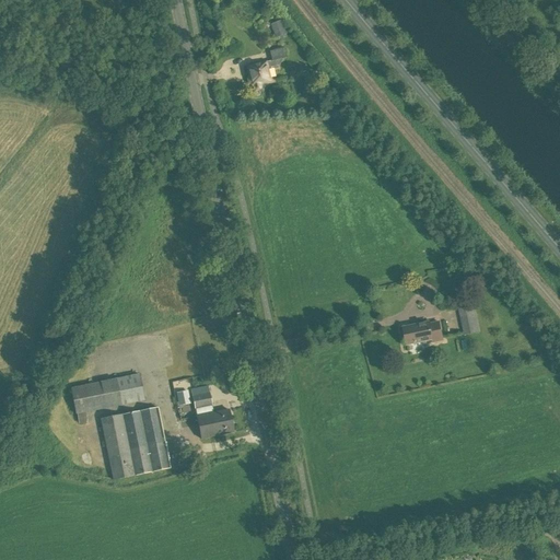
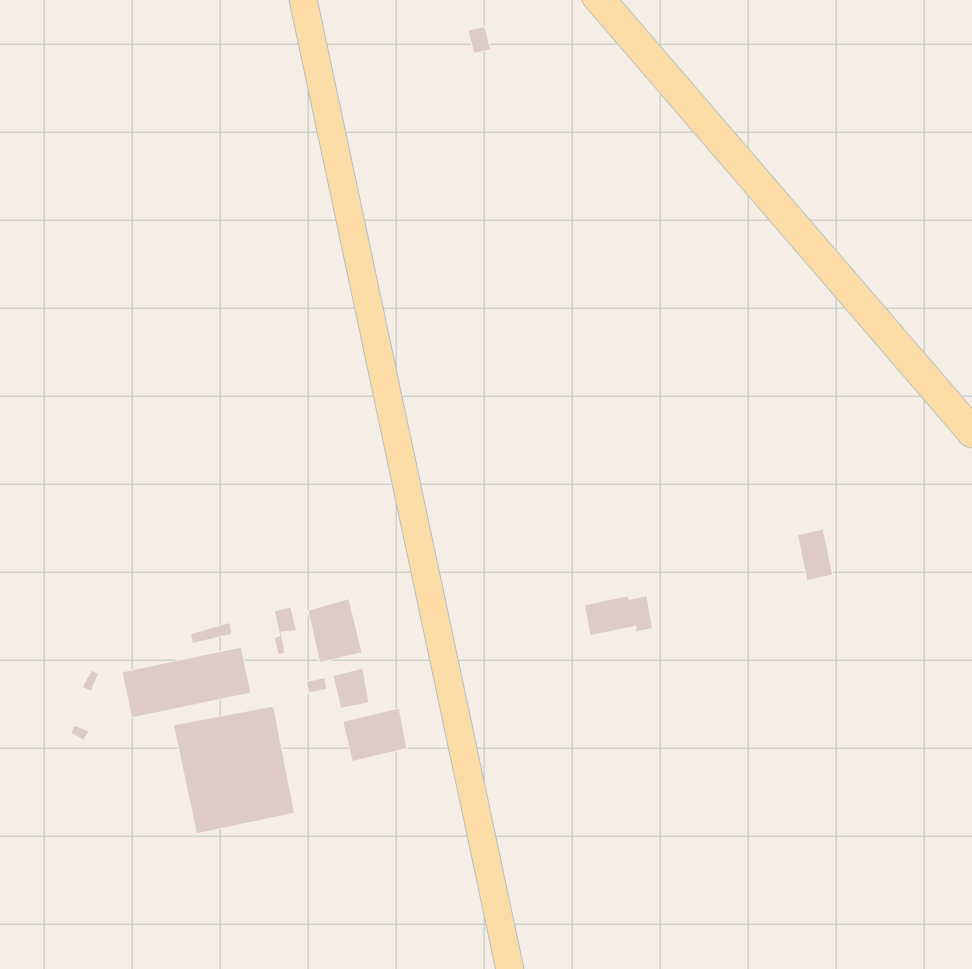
building: [247,47,287,84] -> none
building: [404,320,443,343] -> [584,596,653,636]
building: none -> [308,599,362,663]

